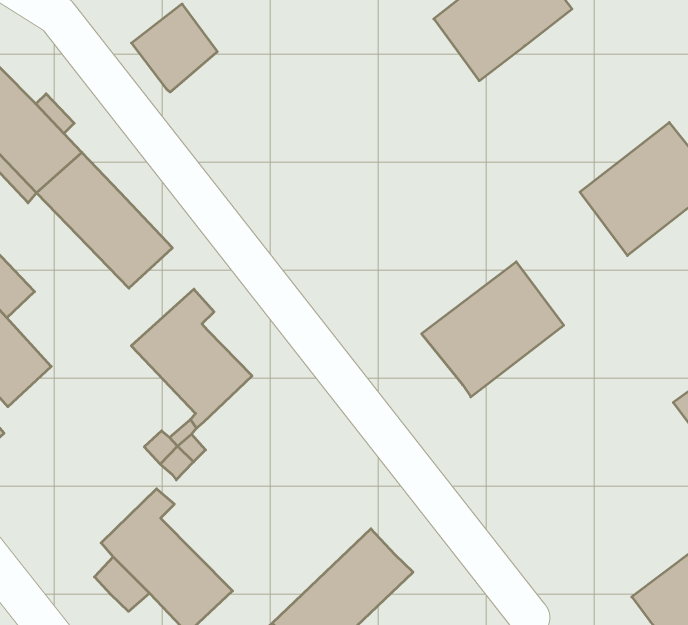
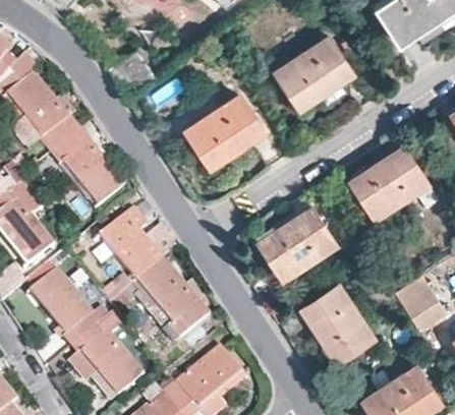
building: none -> [184,97,263,170]
building: none -> [134,260,210,340]
building: none -> [302,281,374,358]
building: none -> [30,272,106,346]

